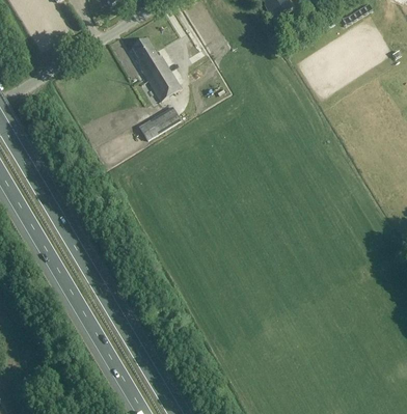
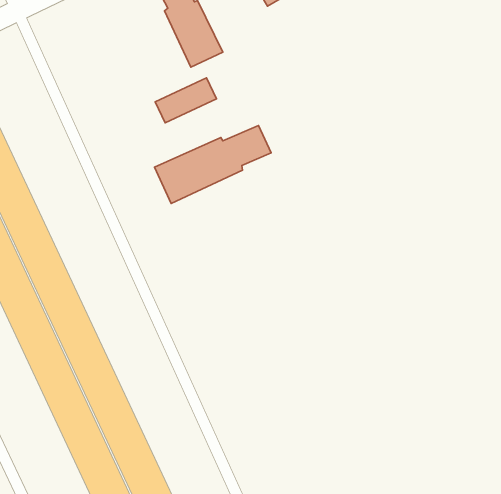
building: none -> [154,126,271,203]

